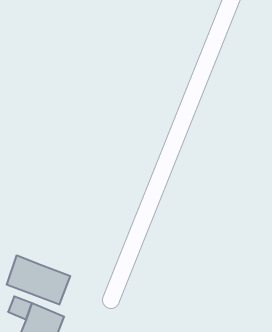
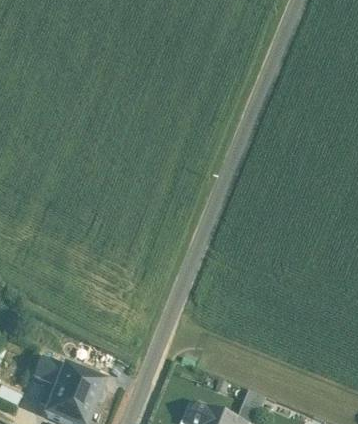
building: [7,255,70,305] -> none

